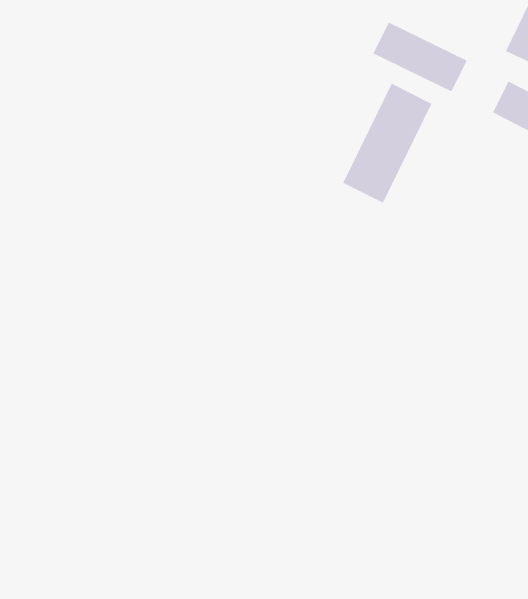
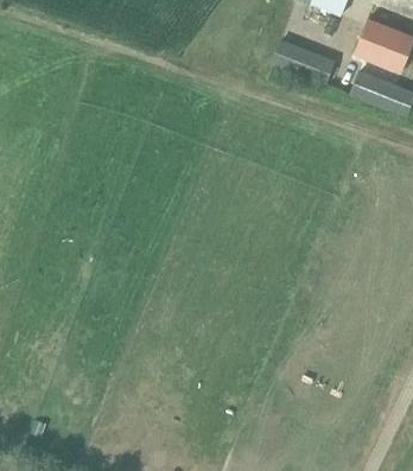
building: [342,83,432,204] -> none

